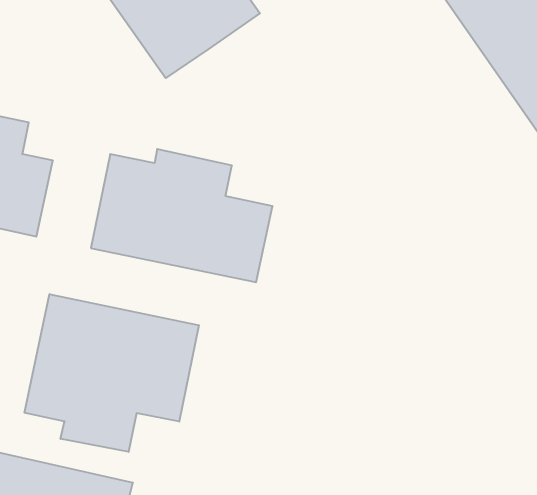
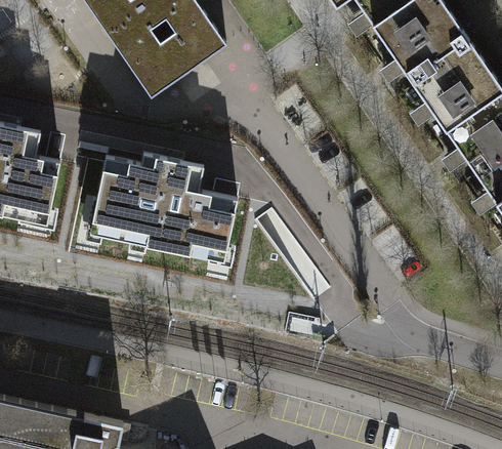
building: [25,294,199,452] -> none

